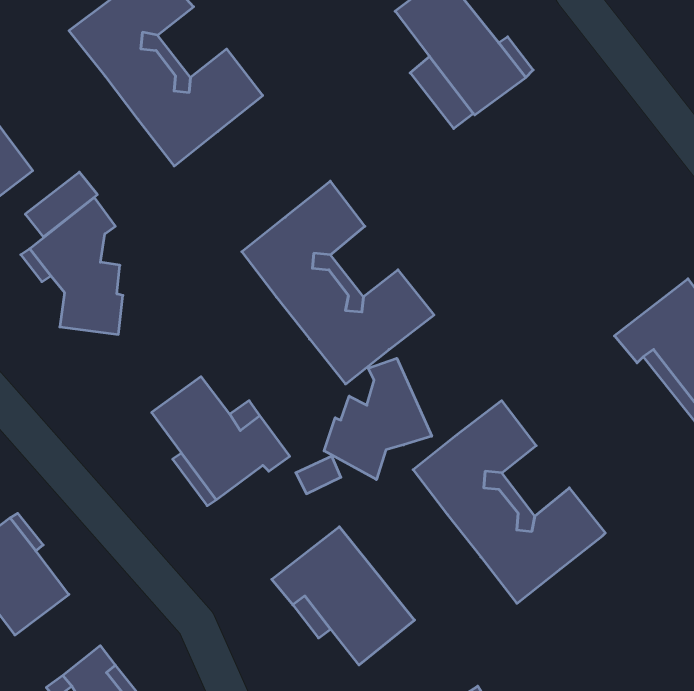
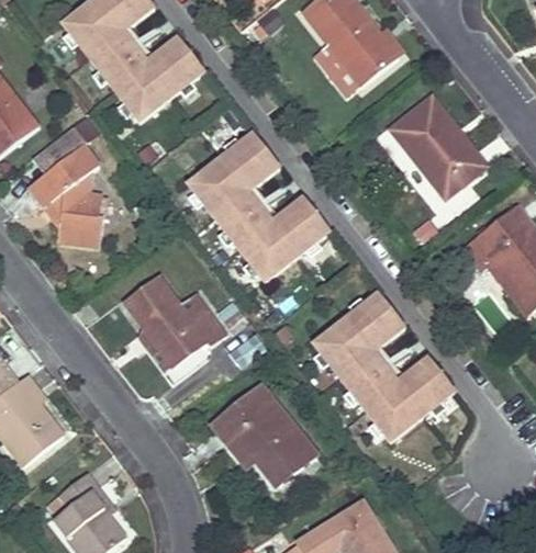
building: none -> [390,97,484,196]
building: [324,358,432,480] -> none

